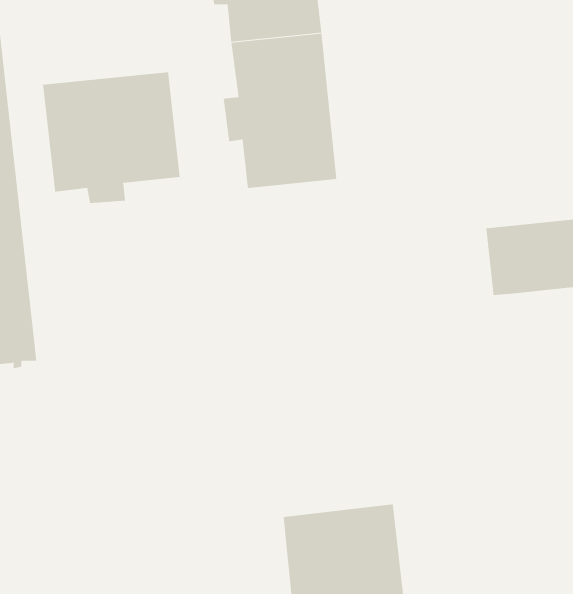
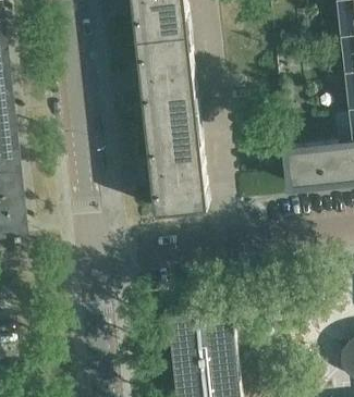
building: [43,71,180,204] -> none
building: none -> [145,125,210,218]

